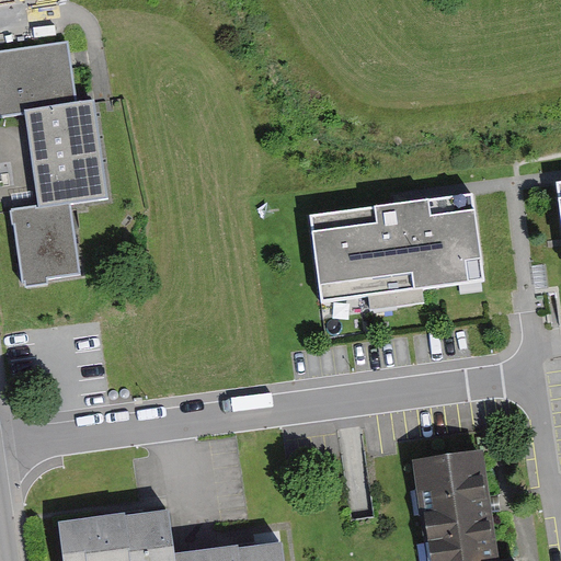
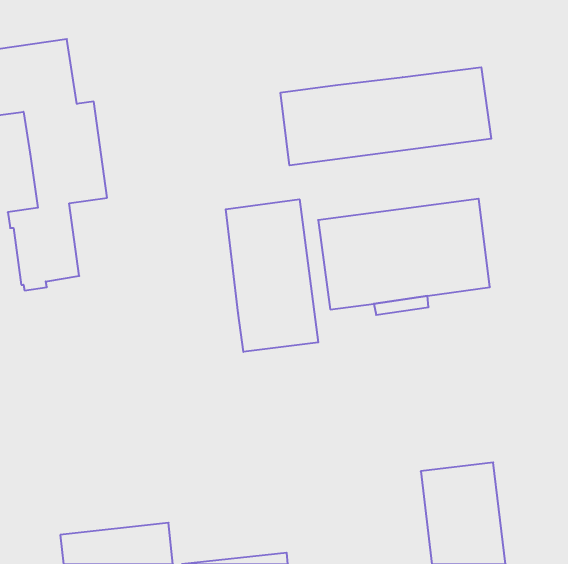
building: none -> [281,67,491,165]
building: none -> [226,199,318,352]

